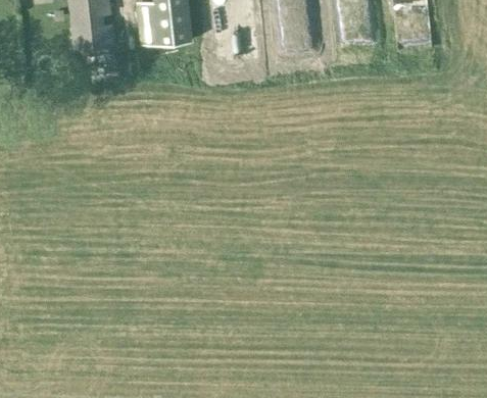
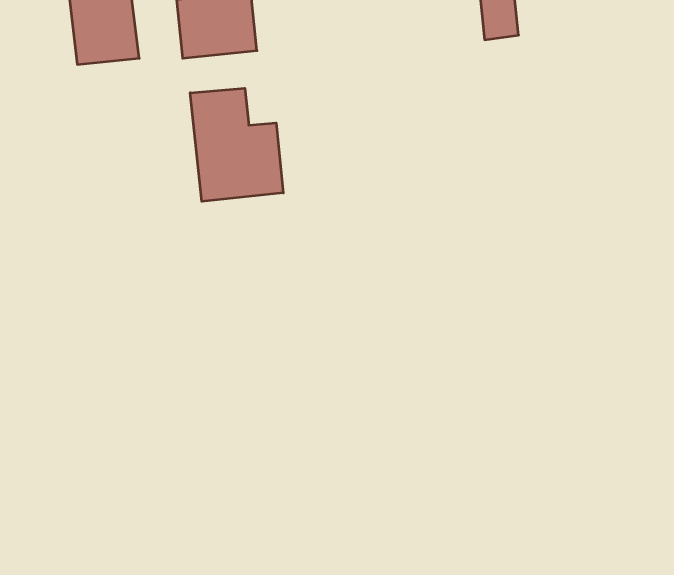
building: none -> [190,88,283,201]

